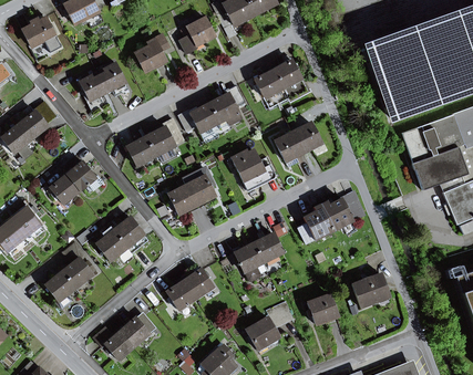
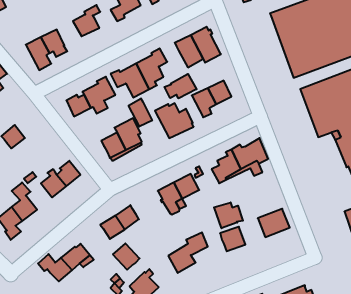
building: none -> [164,74,197,98]
building: none -> [129,98,152,127]
building: [65,155,103,194] -> none
building: none -> [214,202,243,228]
building: none -> [113,243,140,270]

